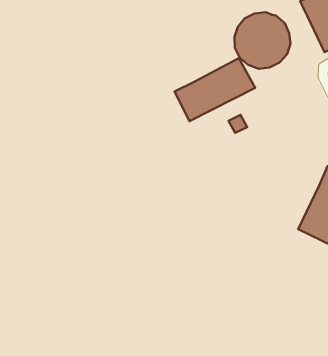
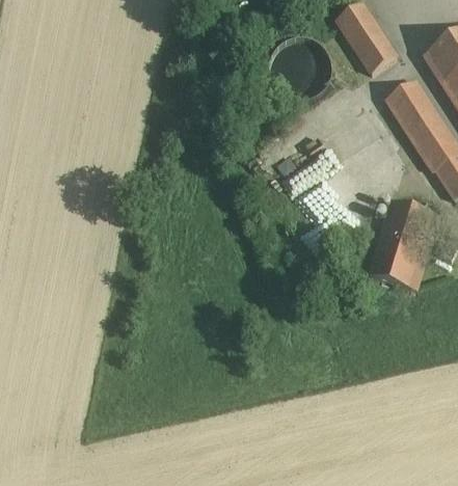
building: [174,58,255,121] -> none

